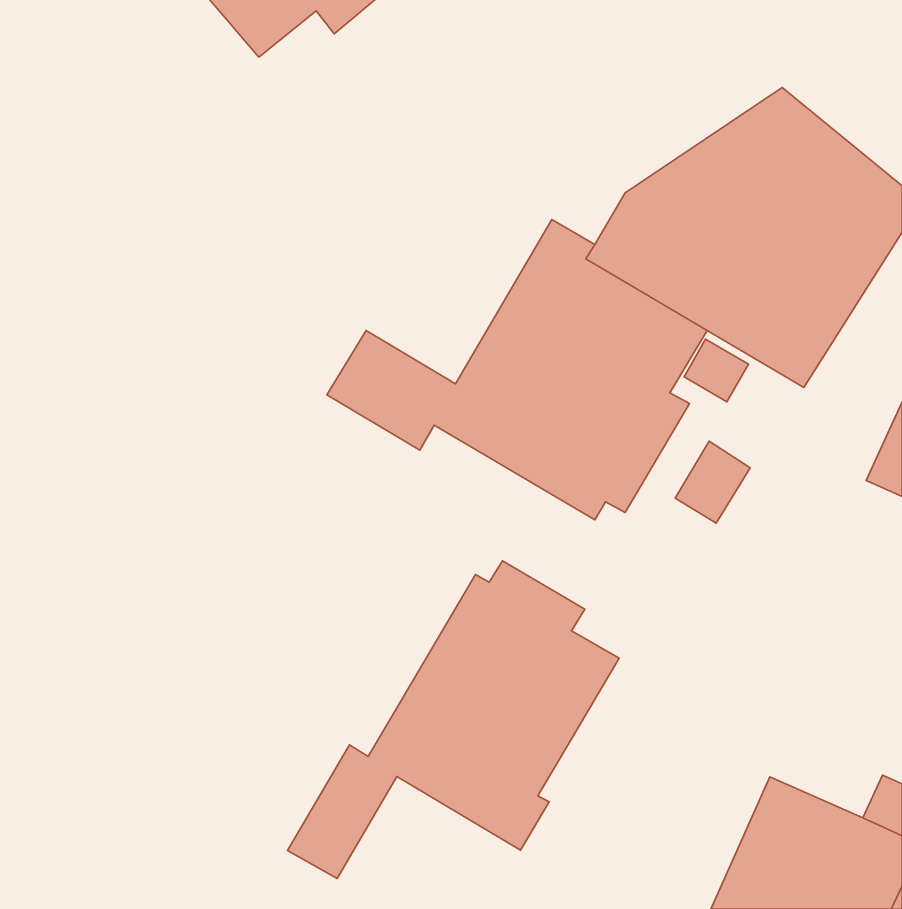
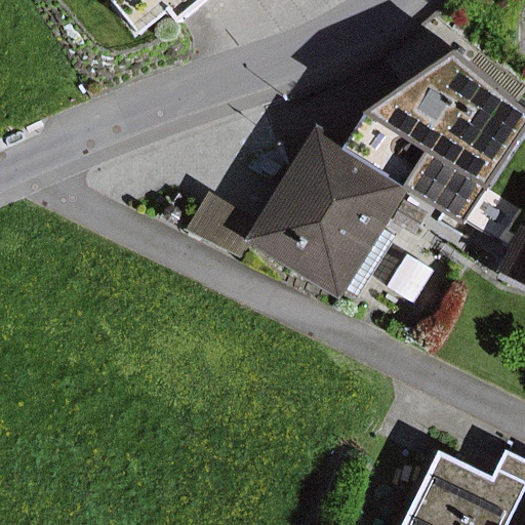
building: [288,561,619,878] -> none

